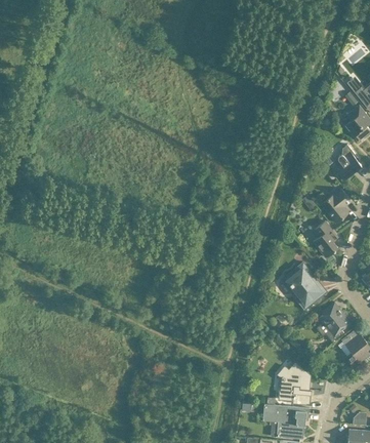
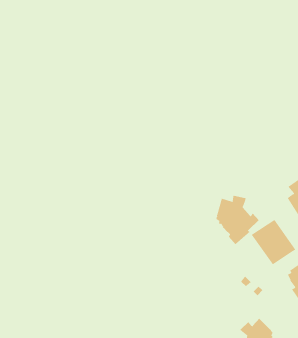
building: none -> [216,195,259,245]

